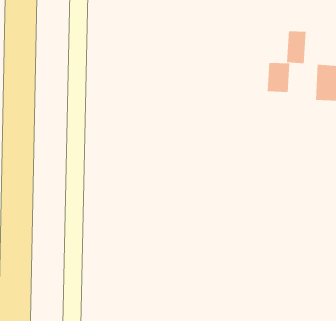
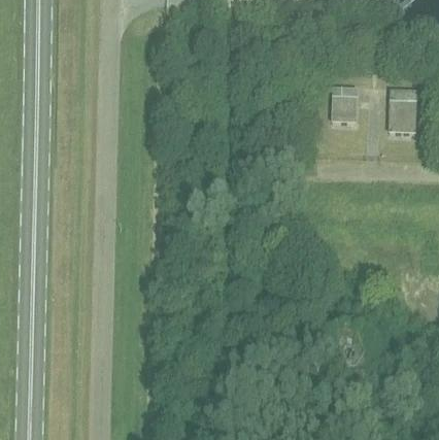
building: [287,31,306,64] -> none

